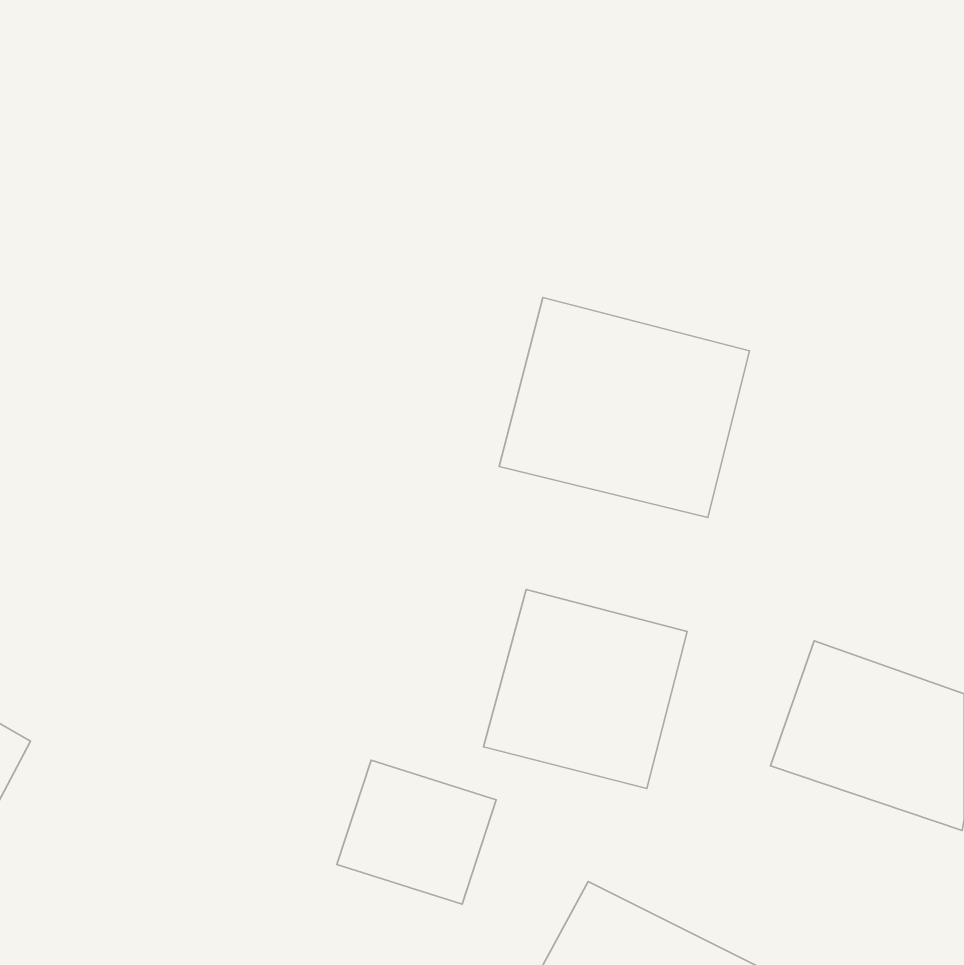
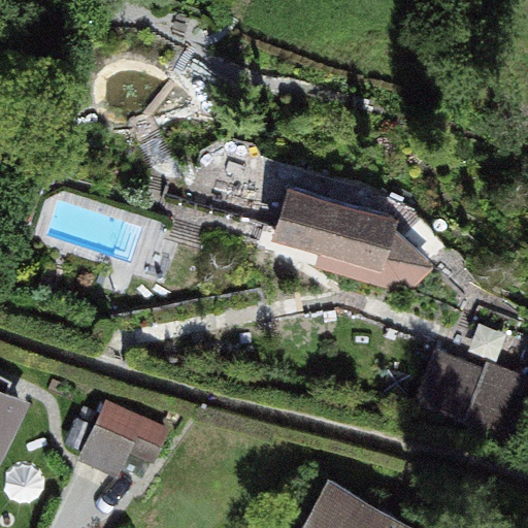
building: [484,589,687,789] -> none
building: [337,760,496,904] -> [85,402,171,481]

